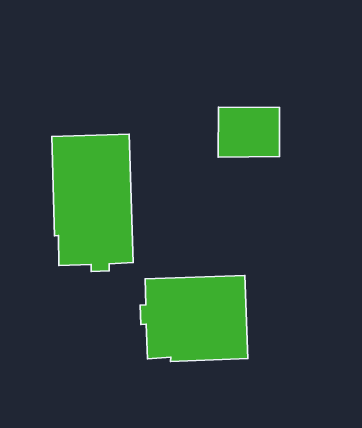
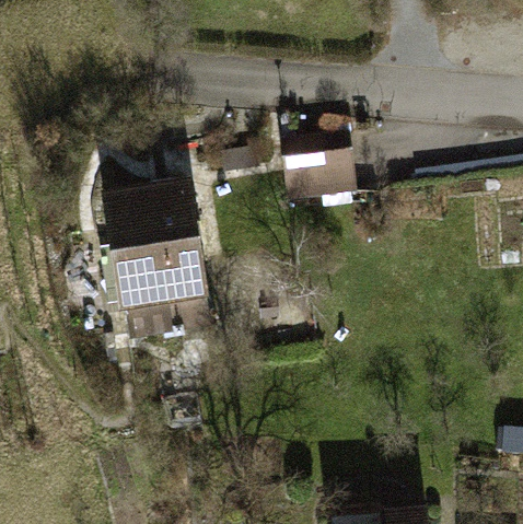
building: [140,276,248,362] -> none

